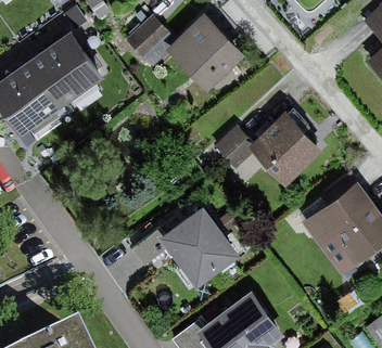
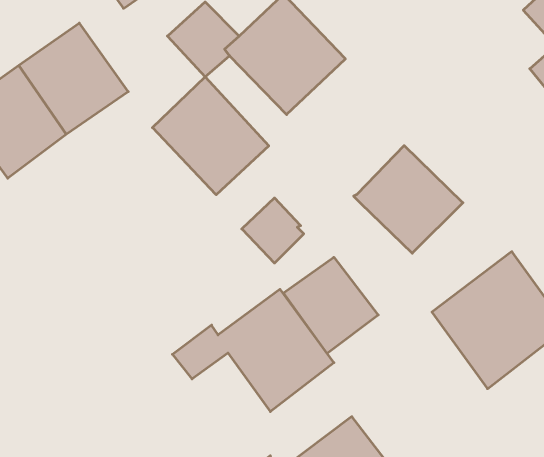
building: none -> [152,77,269,195]
building: [215,125,256,168] -> [242,198,304,263]
building: none -> [283,257,378,353]

